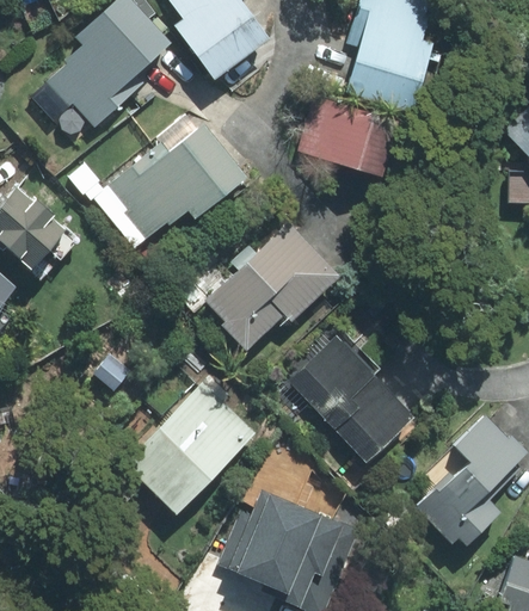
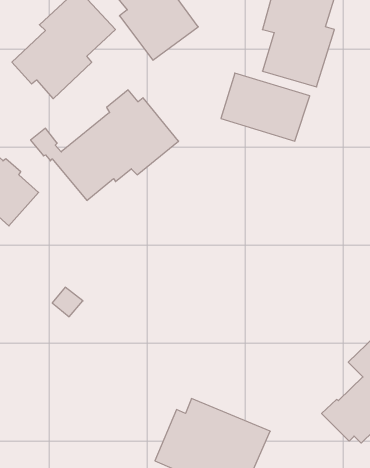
building: [207,222,342,351] -> none
building: [288,328,414,463] -> none
building: [125,376,256,514] -> none

